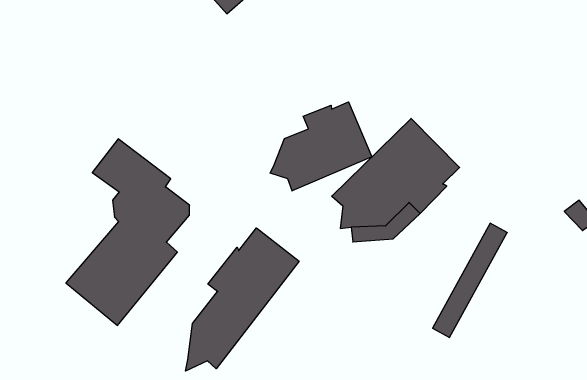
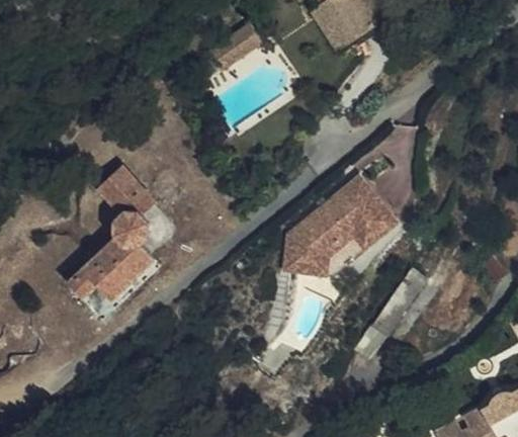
building: [270,102,372,191] -> none
building: [186,228,299,371] -> none

